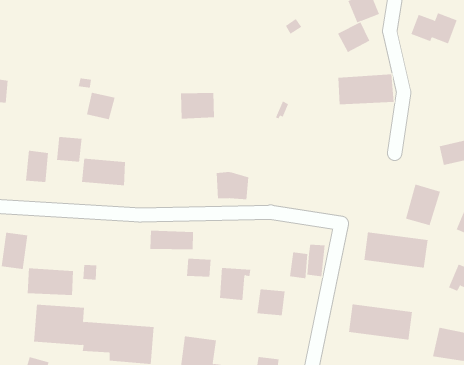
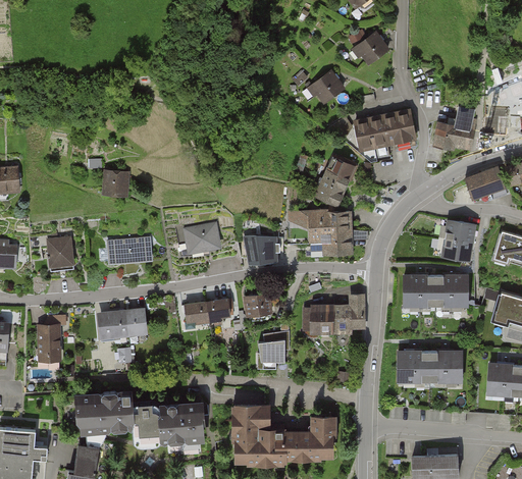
building: [411,13,458,44] -> [431,120,477,151]
building: [337,22,370,53] -> [310,70,345,104]
building: [180,92,215,119] -> [182,222,221,254]
building: none -> [315,157,355,206]
building: [56,136,82,163] -> none
building: none -> [290,211,352,256]
building: [186,258,211,277] -> [245,296,270,316]
building: [27,268,74,296] -> [96,309,145,338]
building: [257,289,286,316] -> [305,307,331,333]

